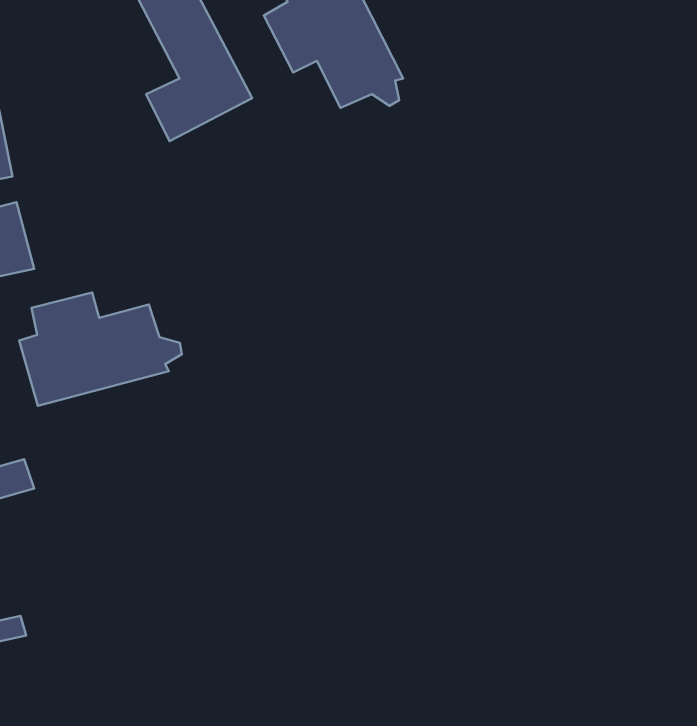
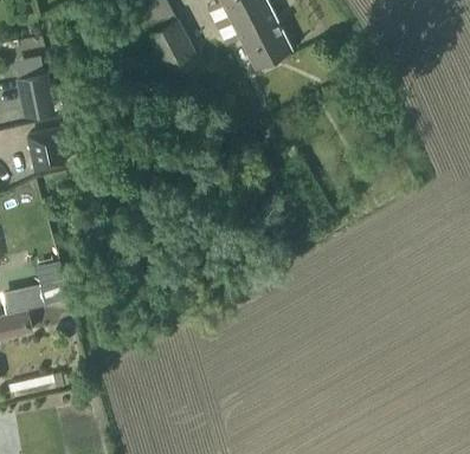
building: [19,292,182,406] -> none

